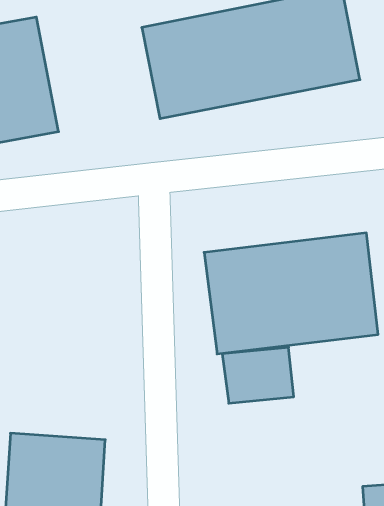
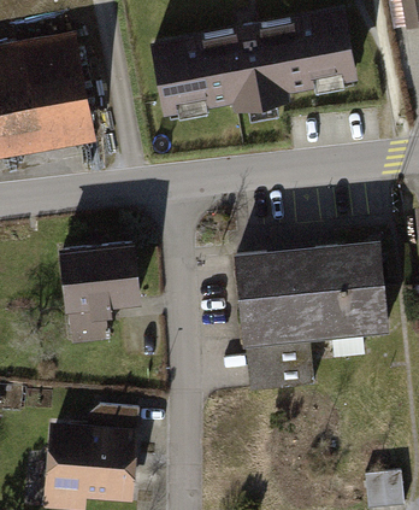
building: none -> [52,240,135,347]

